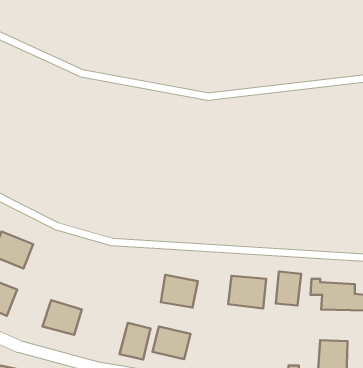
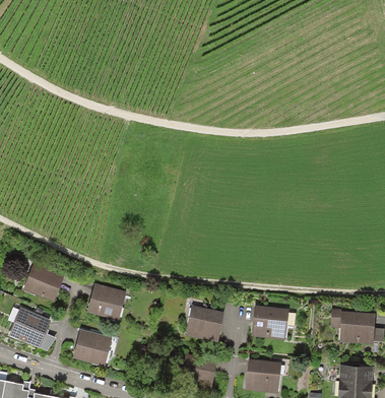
building: none -> [87,284,126,319]
building: [276,272,301,306] -> none
building: [119,323,150,360] -> none
building: none -> [245,361,277,389]

